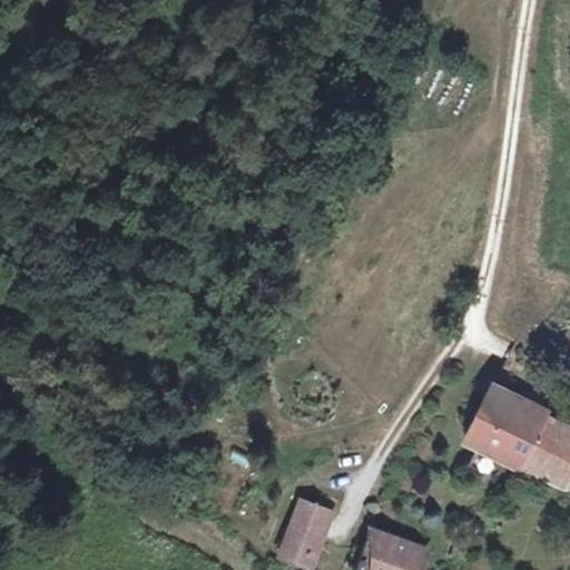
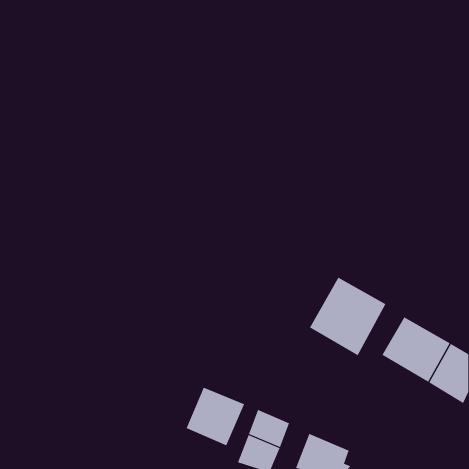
building: none -> [309,277,386,356]
building: none -> [186,387,245,446]

